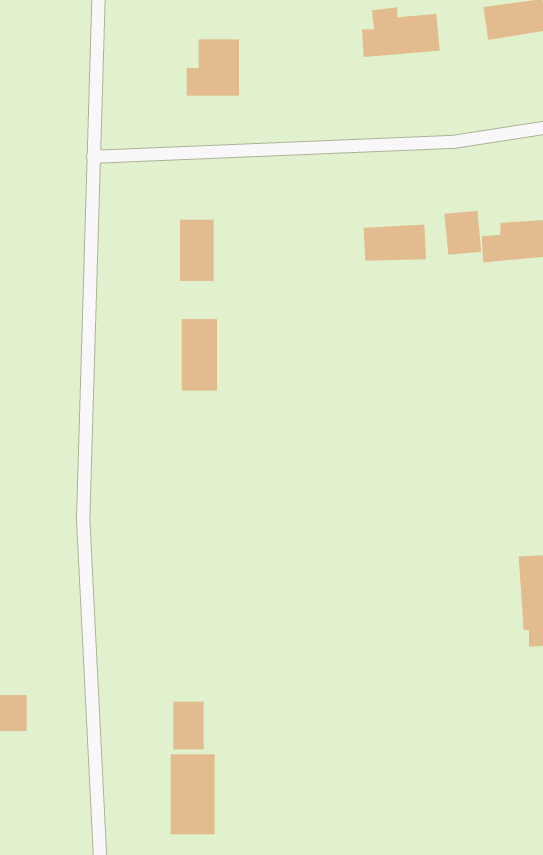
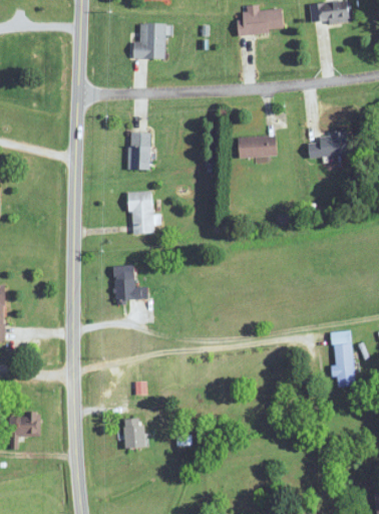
building: [444,210,482,256] -> none
building: none -> [113,265,148,302]
building: [170,753,215,835] -> none

